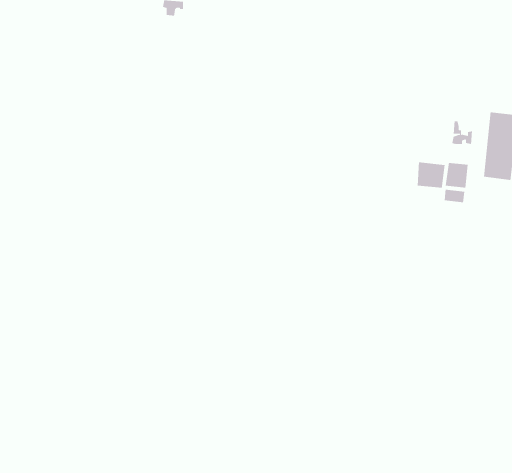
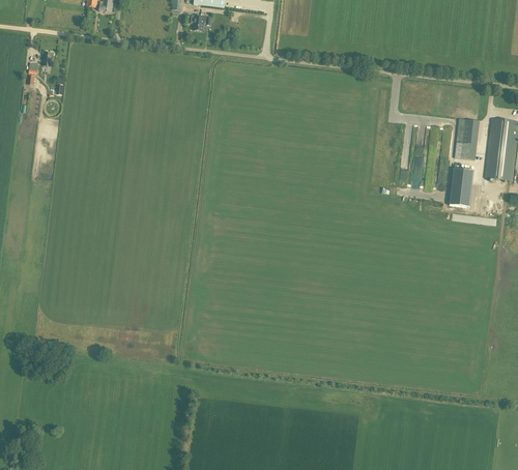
building: [417,162,445,189] -> none

